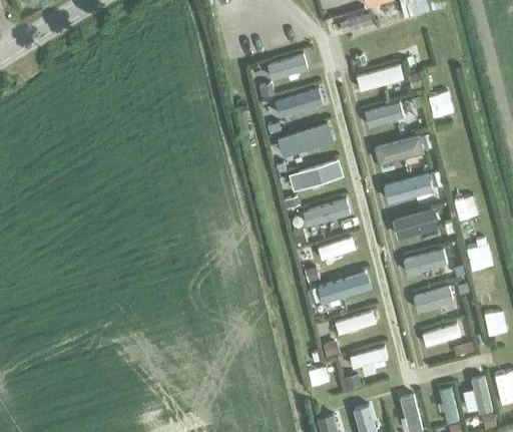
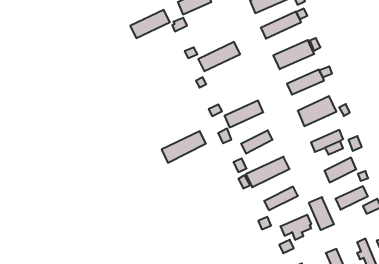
building: [274,88,323,117] -> [130,10,170,38]
building: [288,159,343,191] -> [162,131,206,163]
building: none -> [309,197,334,230]

